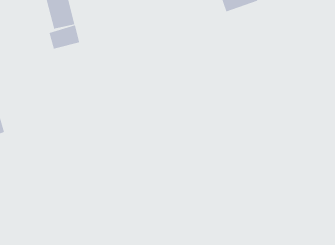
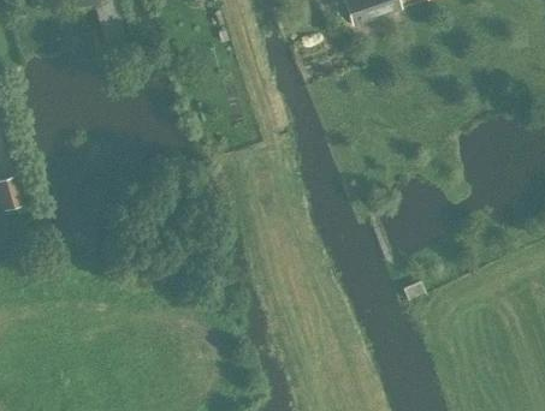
building: [49,25,80,50] -> none

